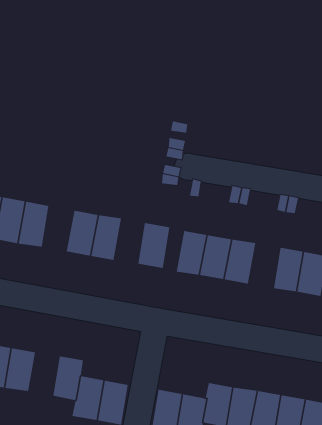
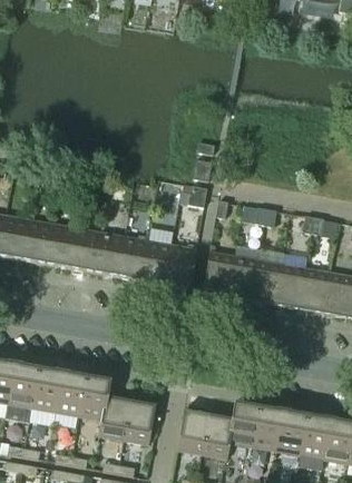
building: none -> [69,226,100,272]
building: none -> [140,238,170,284]
building: none -> [274,263,305,308]
building: none -> [56,372,86,415]

